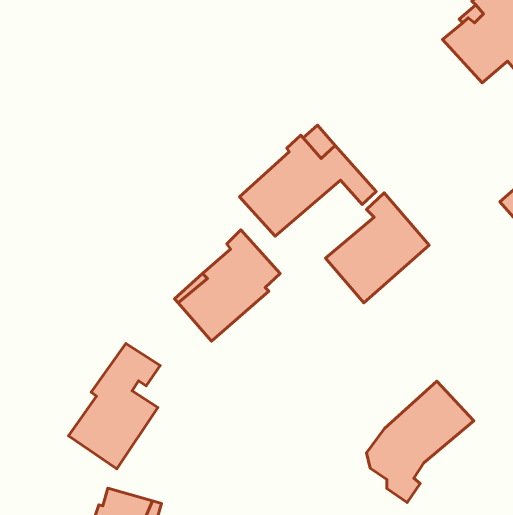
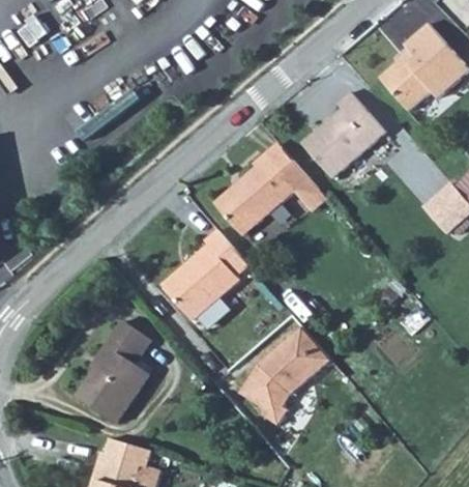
building: [326,193,429,303] -> [302,89,386,178]
building: [366,381,474,503] -> [246,330,333,428]

